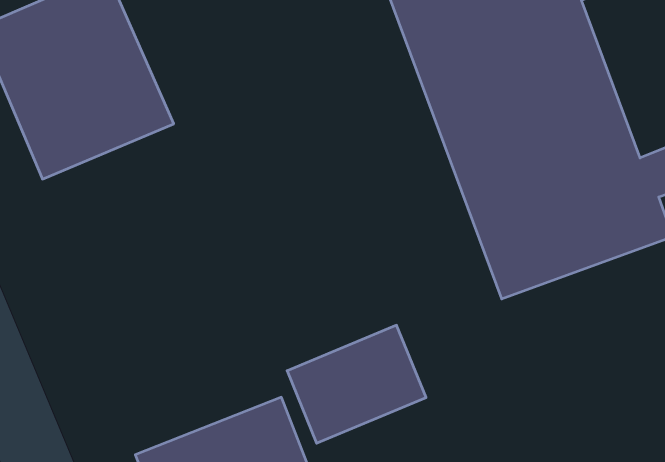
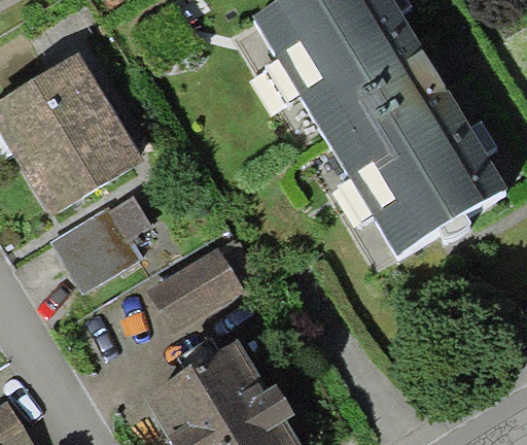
building: none -> [49,198,146,294]
building: [287,325,426,443] -> [150,231,252,323]

